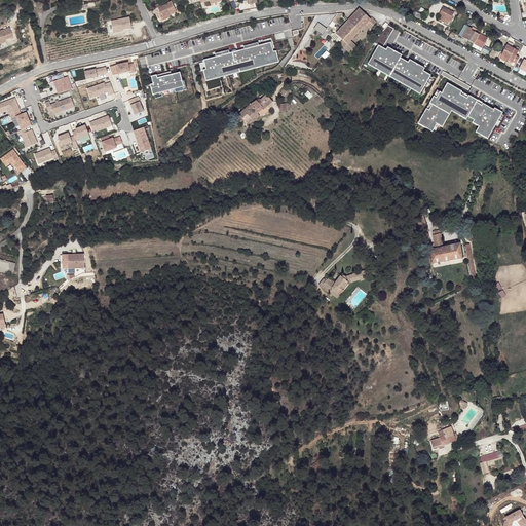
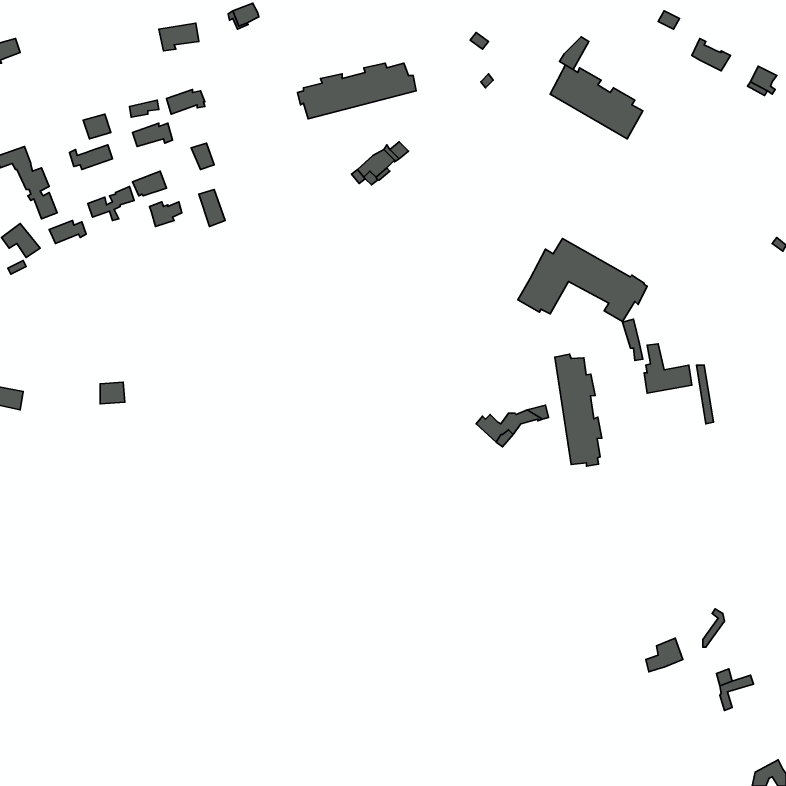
building: [335,7,376,53] -> none
building: [149,71,185,98] -> none
building: [416,80,502,136] -> [518,238,647,322]
building: none -> [555,354,602,466]

